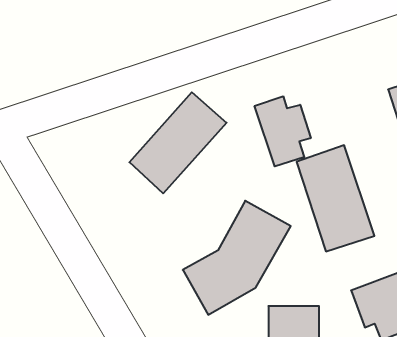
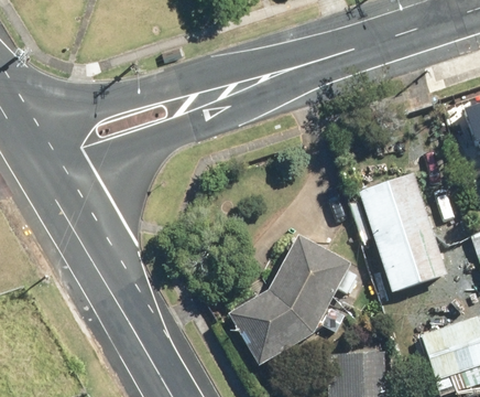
building: [129,92,227,193] -> none
building: [255,96,311,166] -> none

